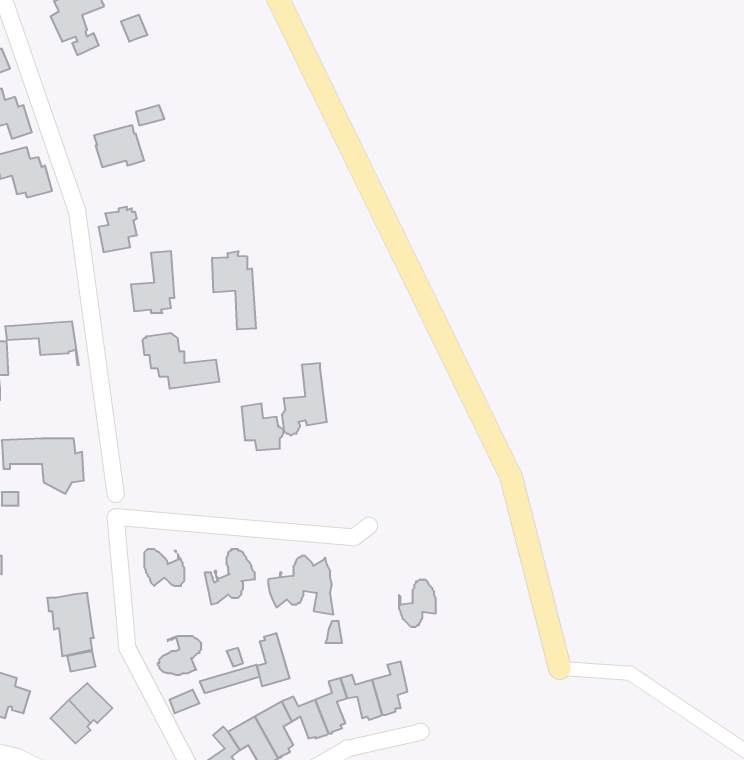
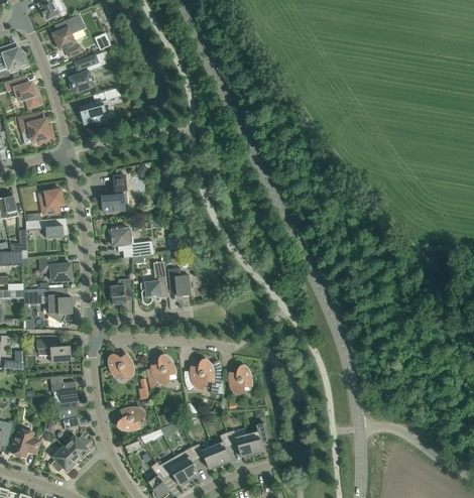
building: none -> [69,52,107,93]
building: [98,207,137,252] -> [40,188,64,215]
building: [212,251,256,330] -> none
building: [282,363,327,435] -> [141,261,168,304]
building: none -> [39,256,72,281]
building: none -> [108,278,131,305]
building: none -> [36,338,73,362]
building: [399,580,436,627] -> [229,366,251,394]
building: [257,633,290,686] -> none

